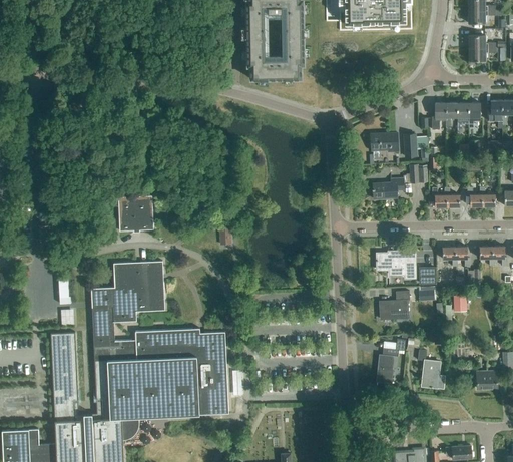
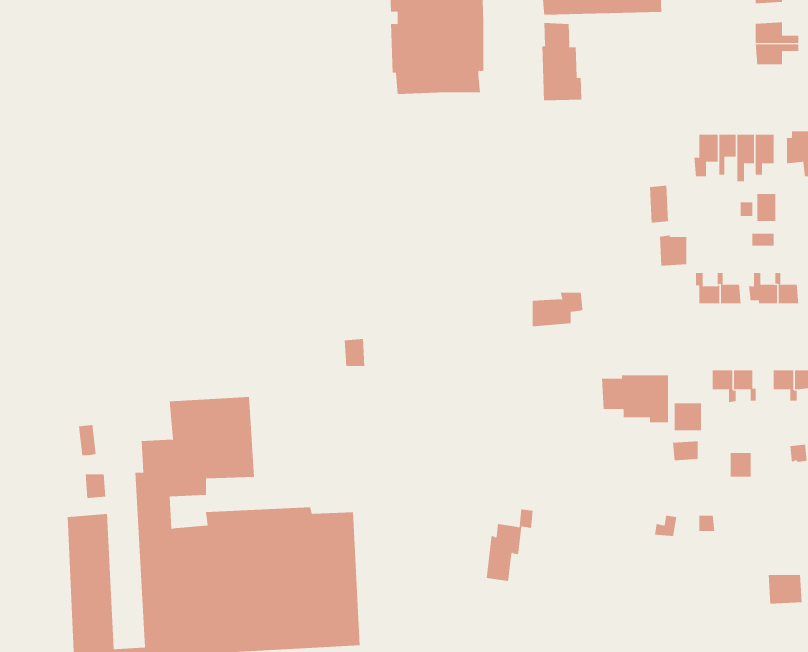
building: none -> [542,22,582,101]
building: [370,133,398,152] -> none
building: [373,178,404,199] -> [532,292,583,327]
building: [118,195,153,233] -> none
building: [379,291,409,320] -> none
building: [377,339,406,383] -> [486,509,534,581]
building: [423,360,444,388] -> none

